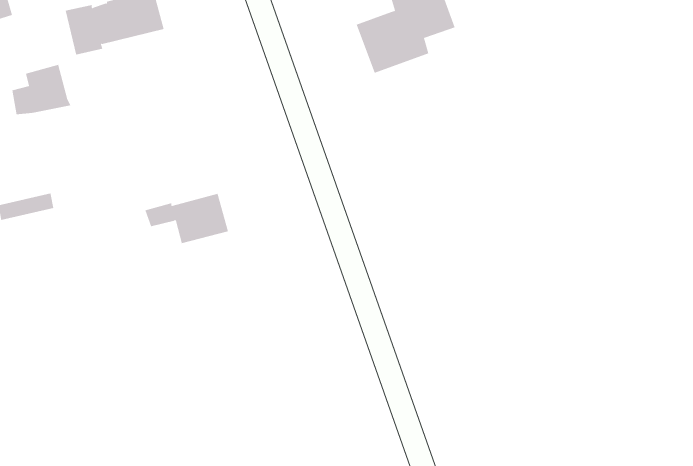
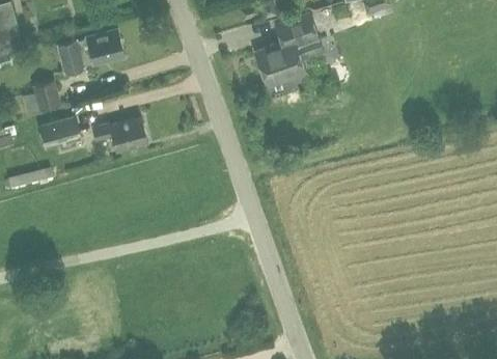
building: none -> [37,116,81,150]
building: [145,193,229,244] -> [91,117,148,151]

